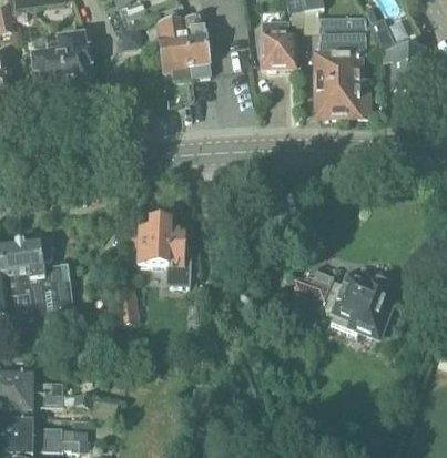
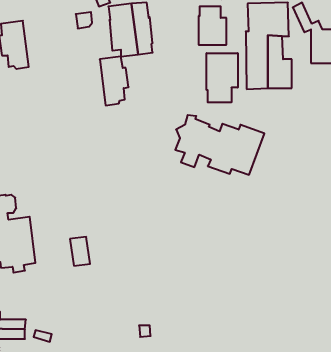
building: [60,33,93,90] -> [100,56,129,105]
building: none -> [207,53,238,102]
building: [130,212,190,285] -> none
building: [294,265,397,334] -> [175,115,264,175]

